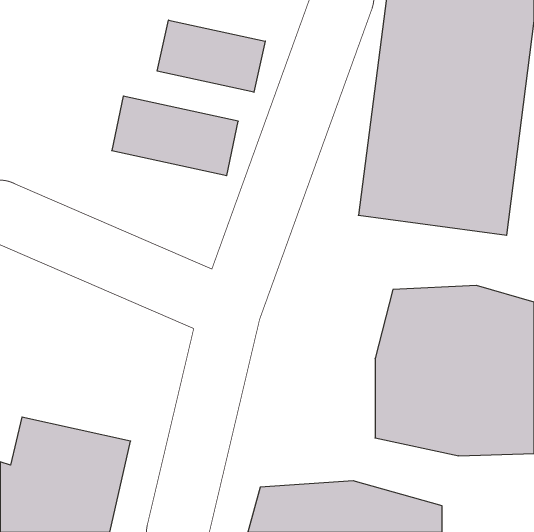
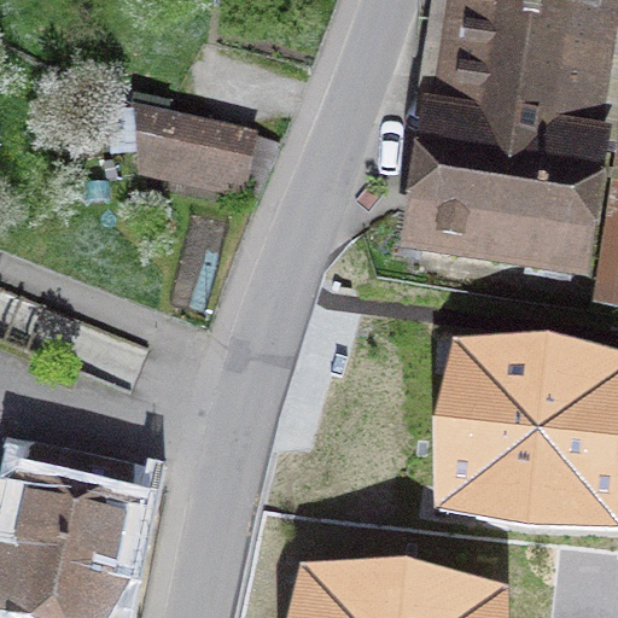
building: [157,20,265,92] -> none

